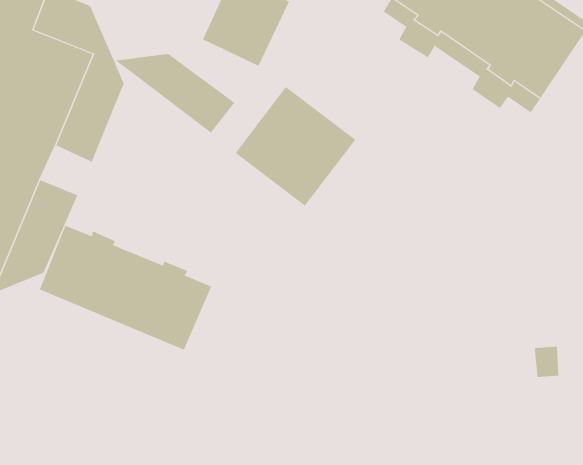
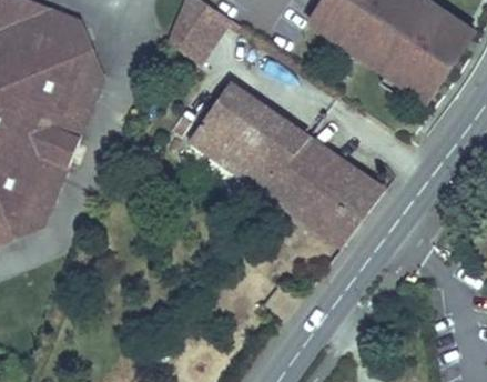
building: [115,53,235,134] -> none
building: none -> [246,122,381,245]
building: [39,225,212,351] -> none

